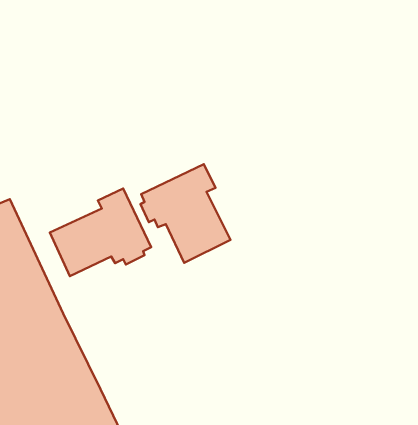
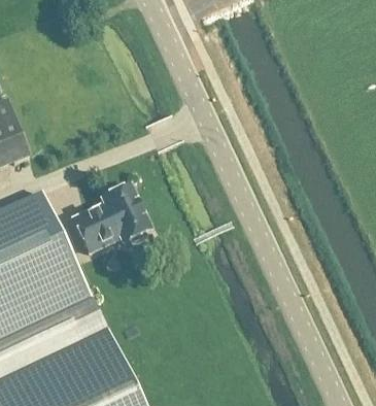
building: [141,164,230,263] -> none

